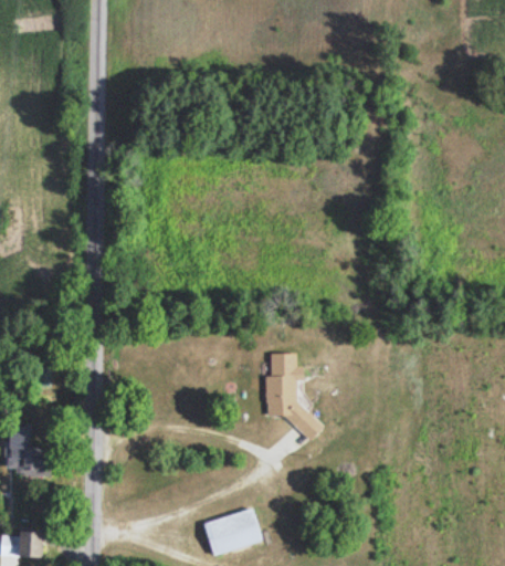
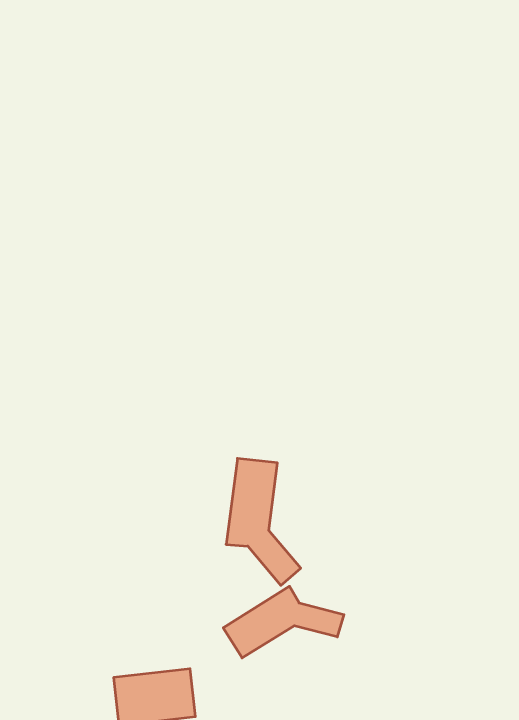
building: none -> [223,586,344,658]

